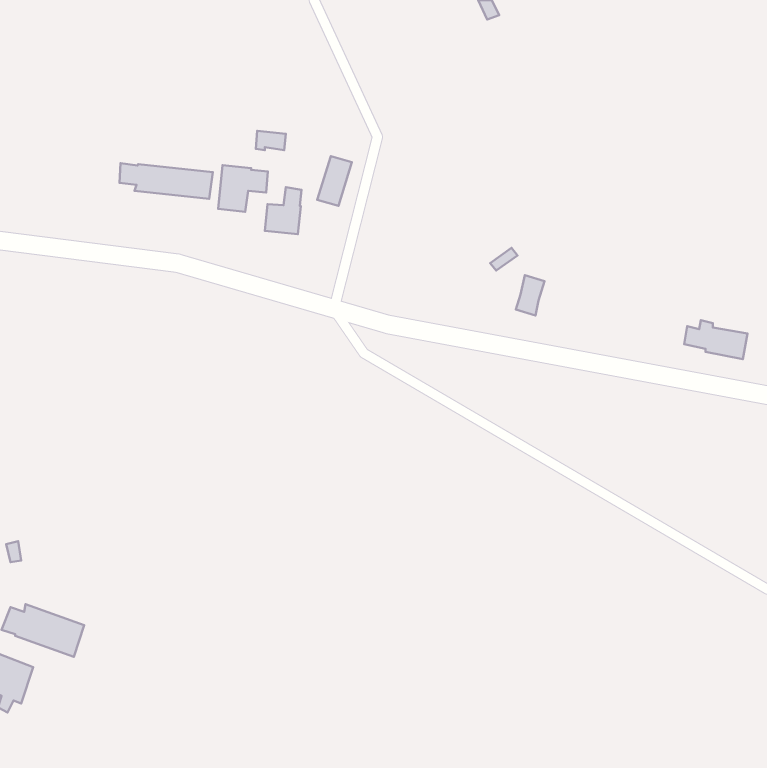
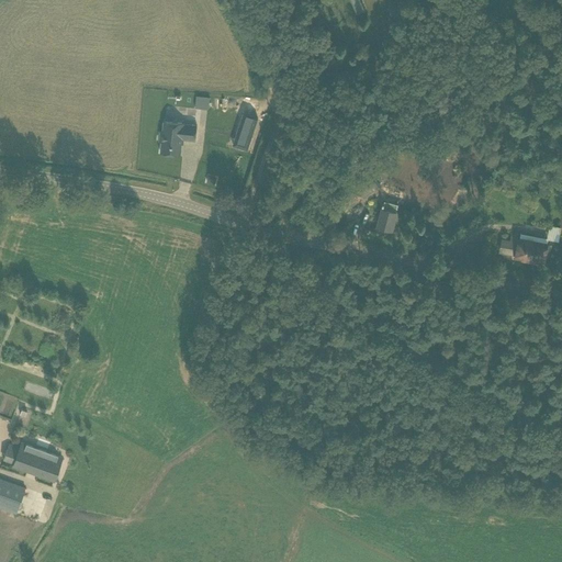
building: [120,163,213,199] -> none
building: [265,187,302,234] -> none

